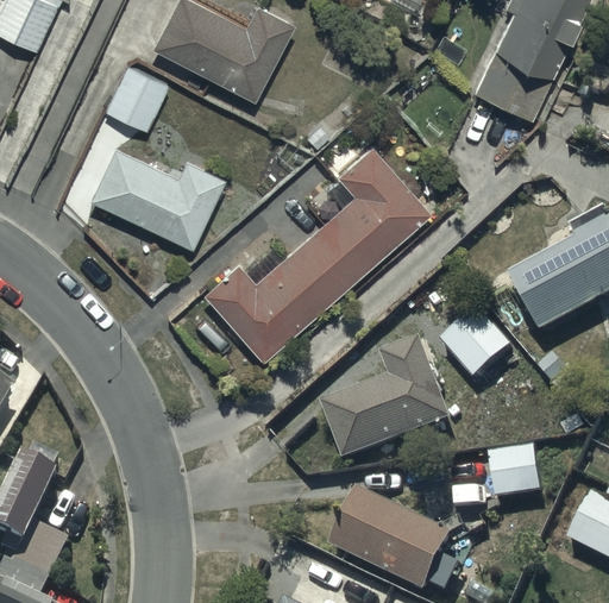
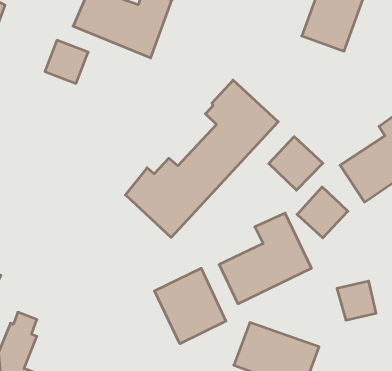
building: [90,147,225,247] -> none
building: none -> [269,137,323,190]
building: none -> [154,268,226,344]

